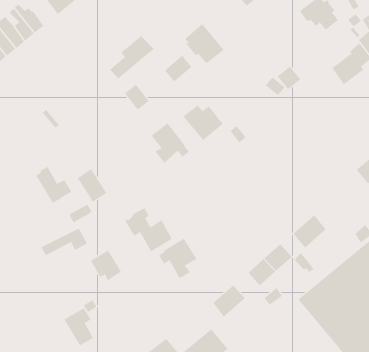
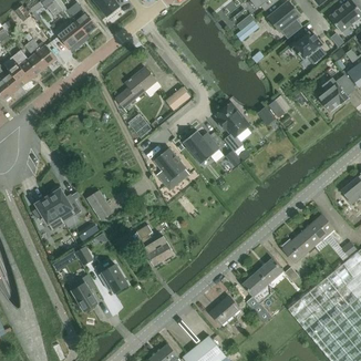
building: [184,23,224,64] -> [215,101,251,138]
building: none -> [32,196,65,231]
building: none -> [303,215,334,245]
building: [158,238,197,279] -> none
building: [64,307,94,346] -> [70,275,97,310]

